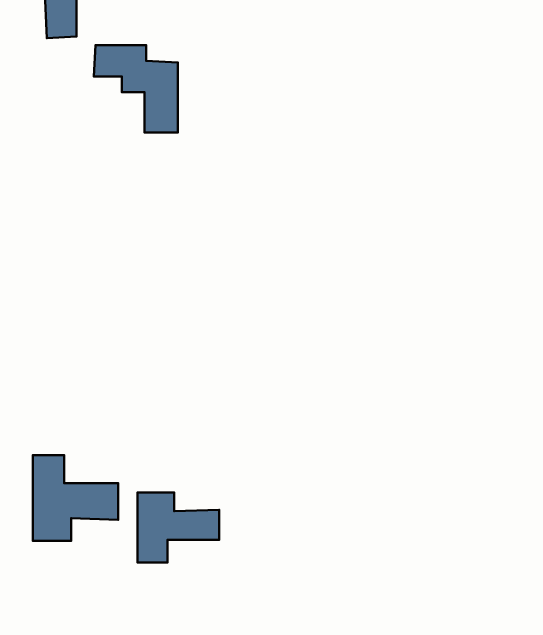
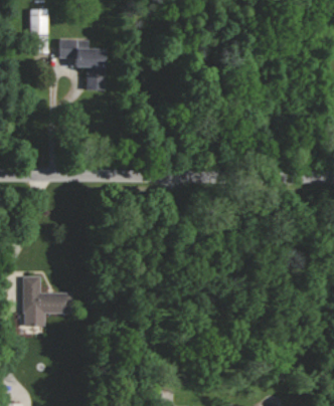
building: [138,493,219,563] -> none

